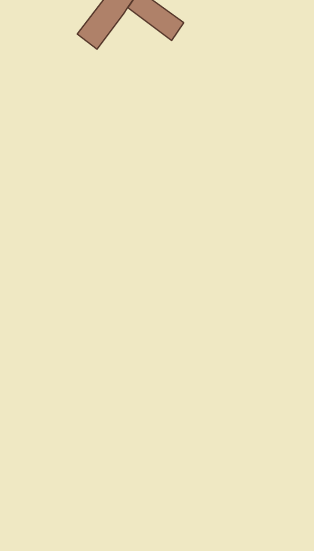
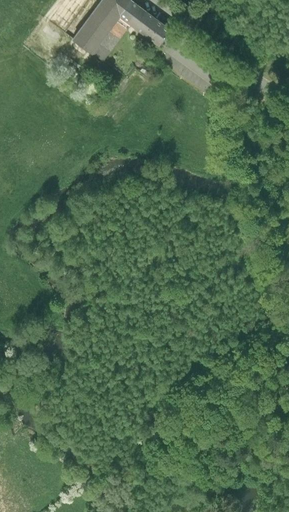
building: none -> [90,21,127,62]

